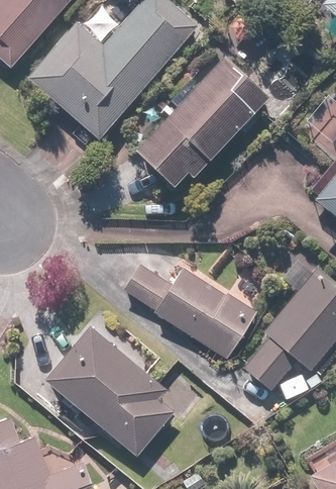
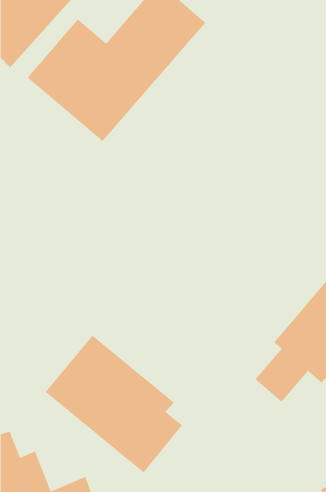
building: [133,56,270,189] -> none
building: [124,264,258,360] -> none

